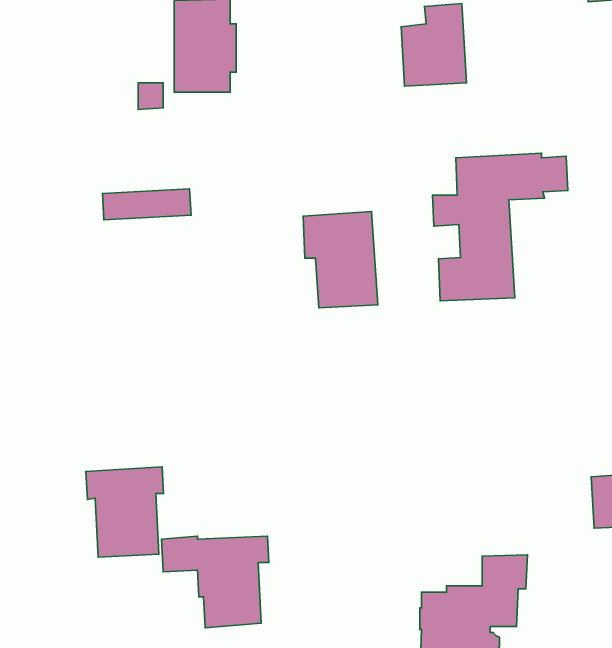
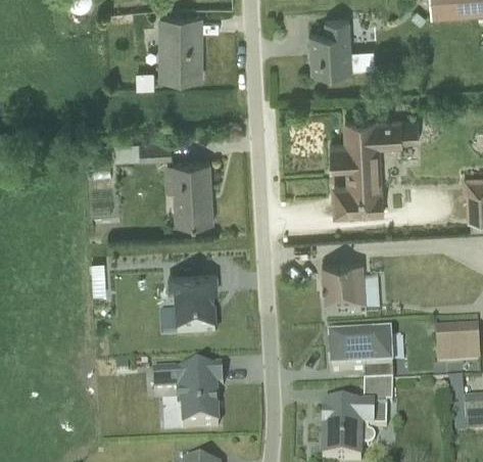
building: [303,211,378,308] -> [164,160,213,224]
building: none -> [323,264,365,314]
building: [86,467,164,557] -> [166,274,218,333]
building: none -> [327,335,392,381]

